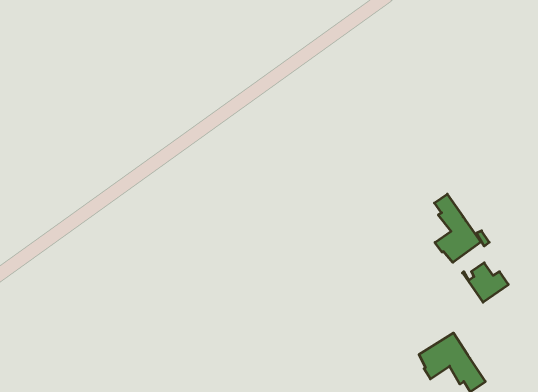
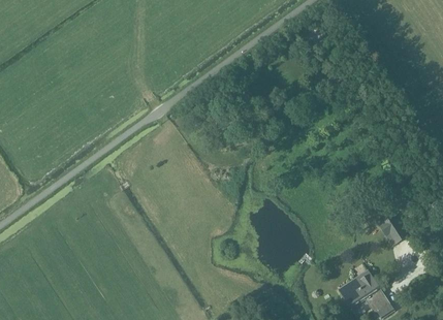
building: [434,194,481,262] -> none

